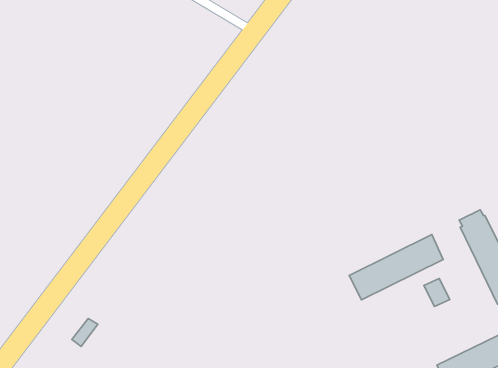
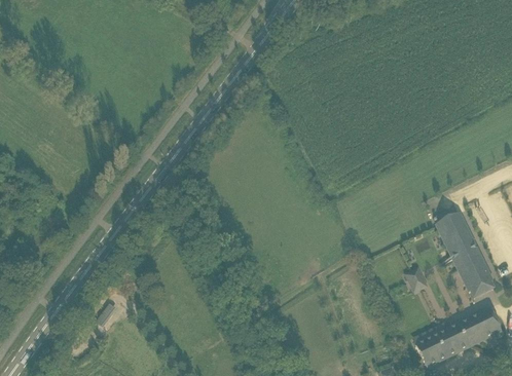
building: [349,234,443,300] -> none

